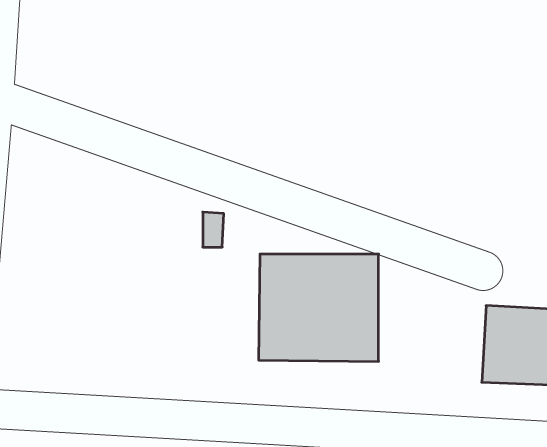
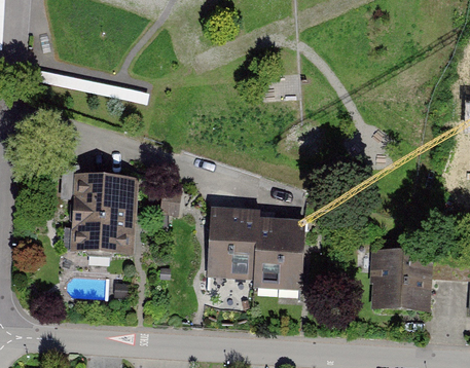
building: none -> [65,175,132,256]

